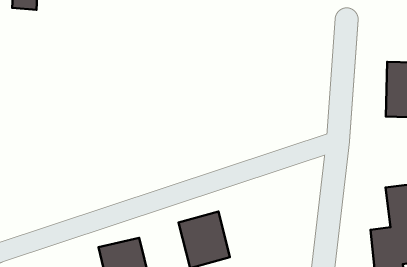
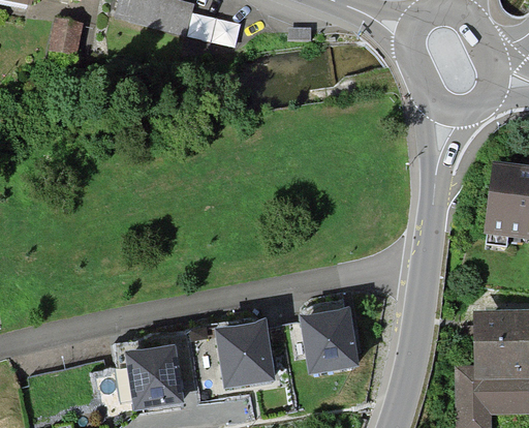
building: none -> [314,311,374,376]

